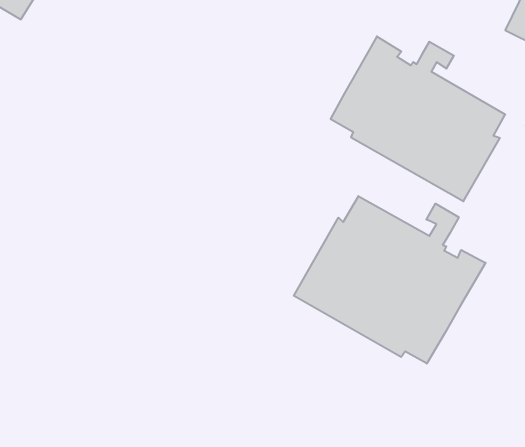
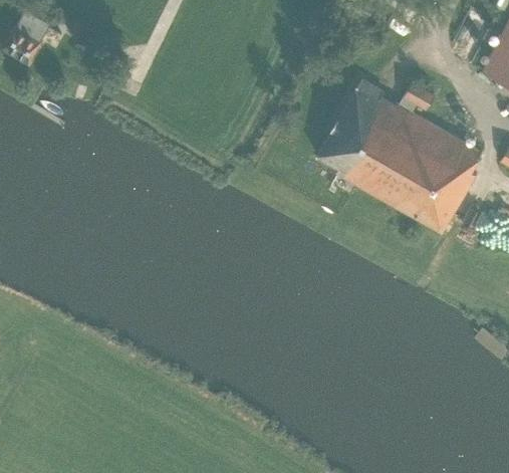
building: [294,196,486,364] -> none

